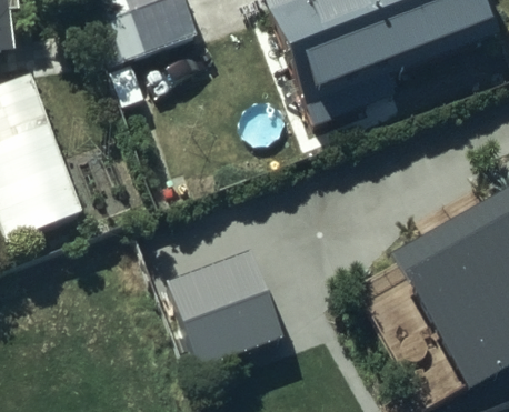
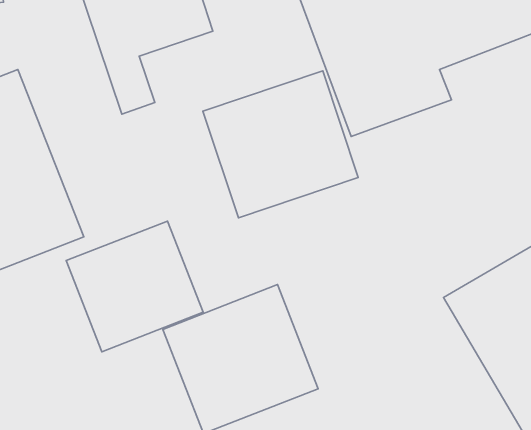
building: none -> [203,71,358,218]
building: none -> [66,221,203,352]

